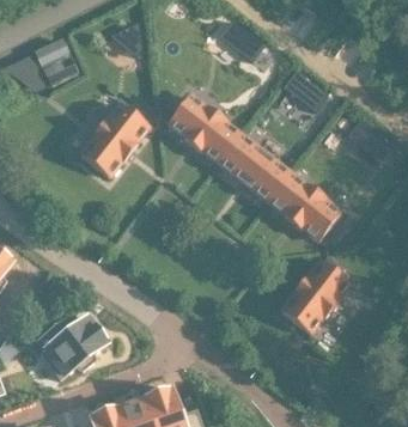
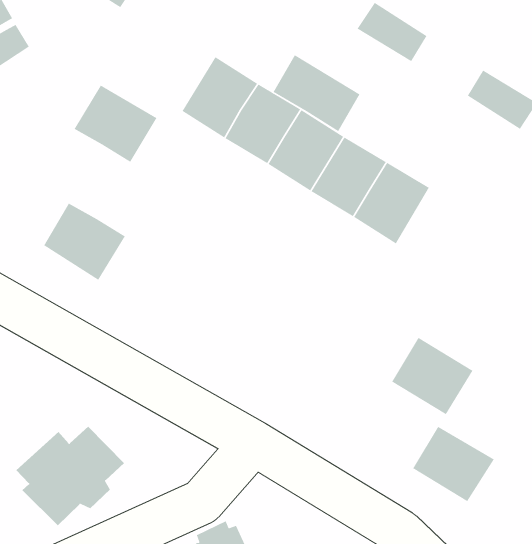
building: none -> [272,54,360,132]
building: [79,128,132,179] -> [43,203,126,281]
building: [293,190,343,243] -> none
building: [300,258,353,309] -> [412,426,495,502]

